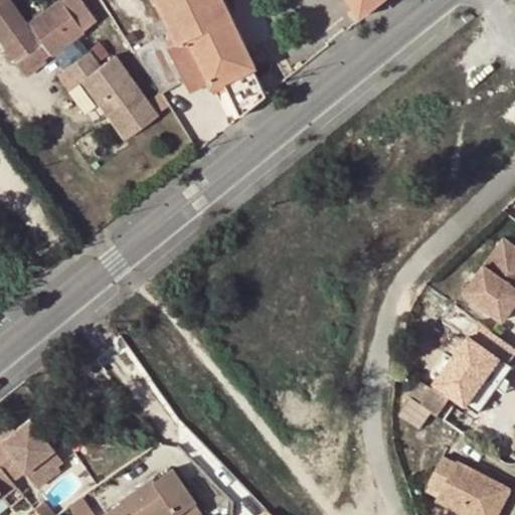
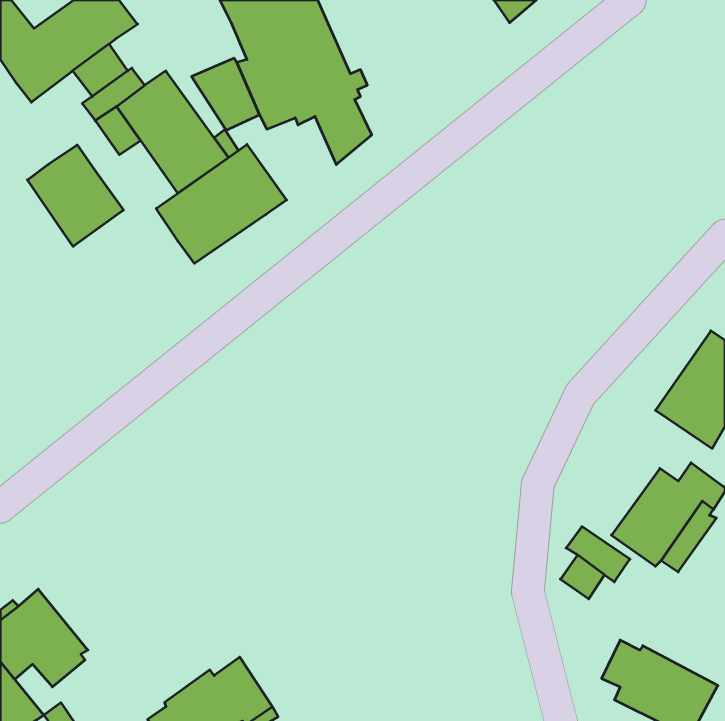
building: none -> [156,144,287,263]
building: none -> [27,145,123,246]

